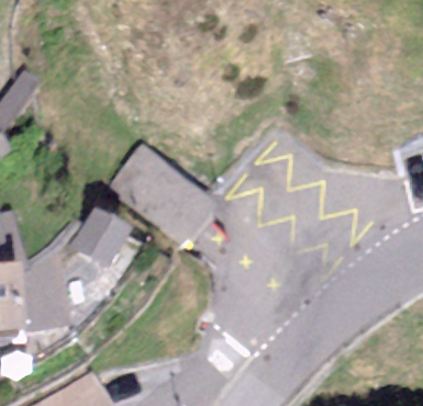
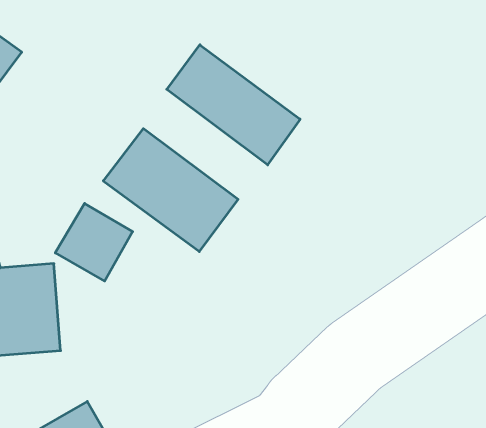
building: none -> [167,45,300,165]

